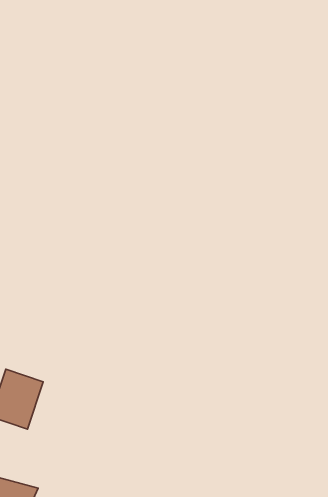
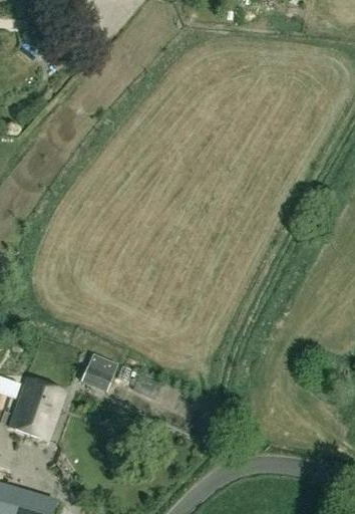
building: none -> [79,353,116,392]

